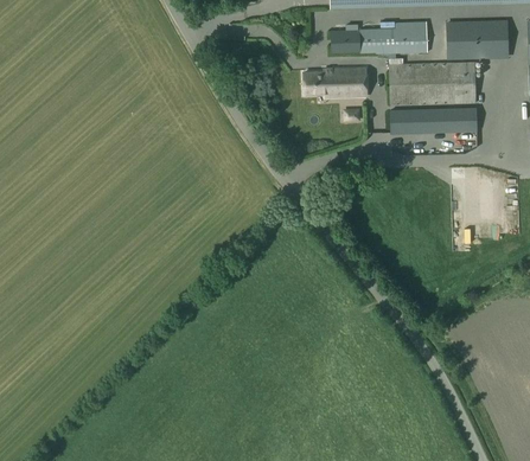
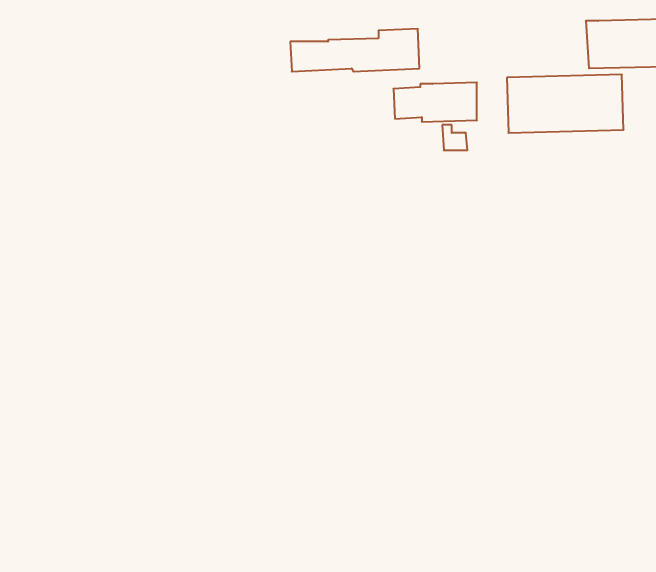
building: [330,21,427,53] -> [290,29,419,72]
building: [390,108,477,134] -> none

